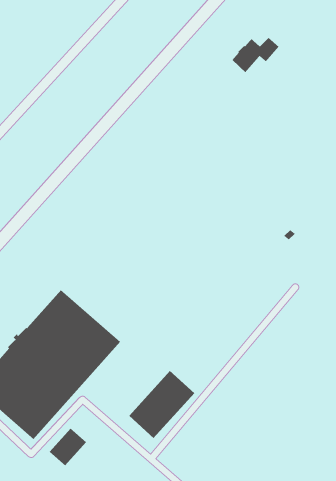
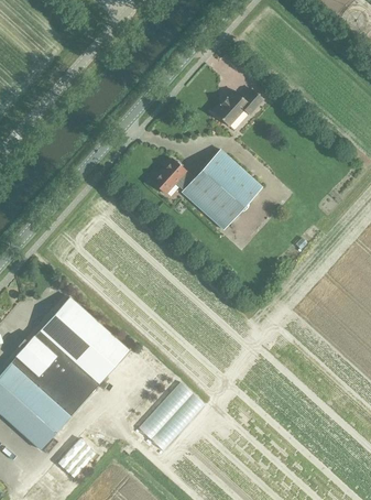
building: [231,37,279,73] -> [214,88,262,124]
building: none -> [151,149,261,228]

